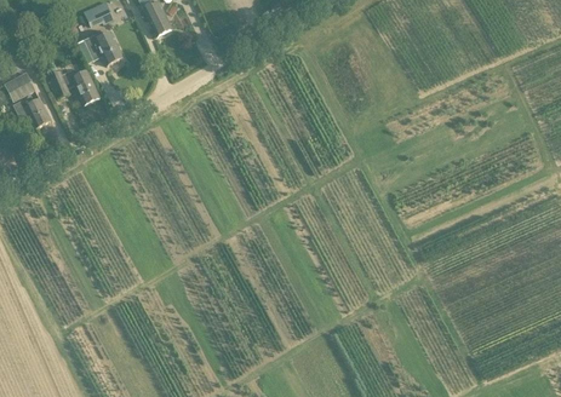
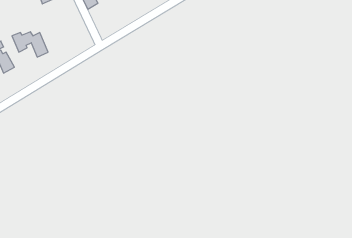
building: [74,30,121,64] -> none

